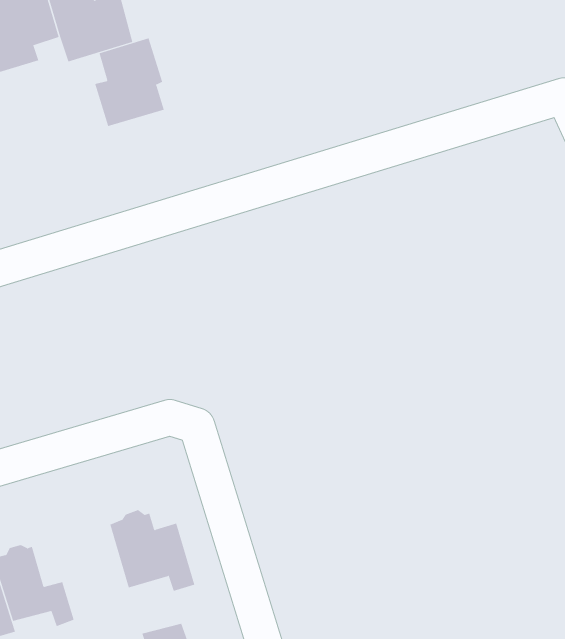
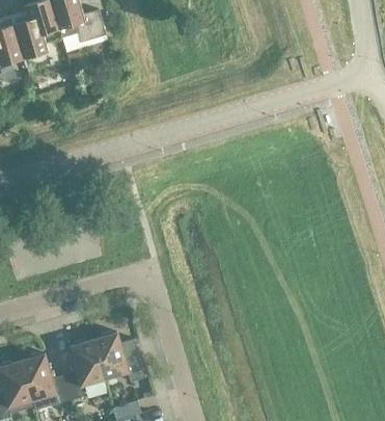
building: [95,37,165,127] -> none
building: none -> [62,341,103,400]

